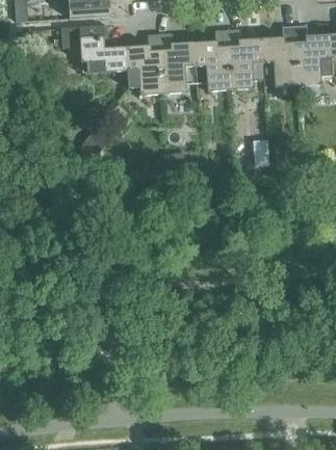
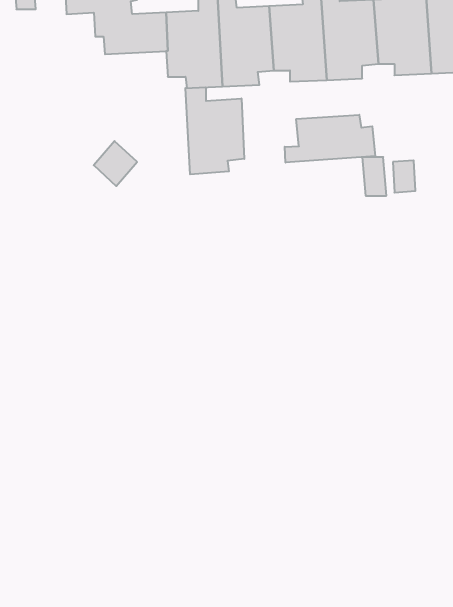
building: none -> [185,87,244,174]
building: none -> [285,115,375,163]

